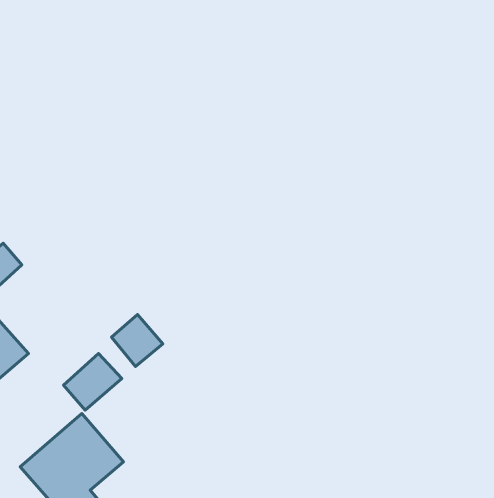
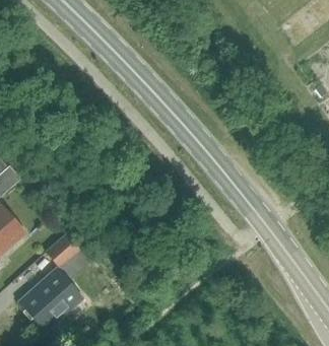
building: [111,315,163,366] -> none

